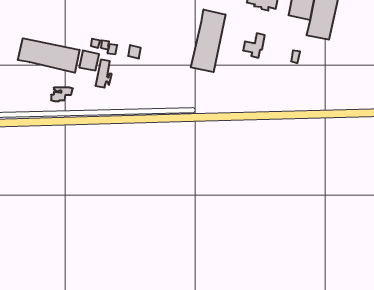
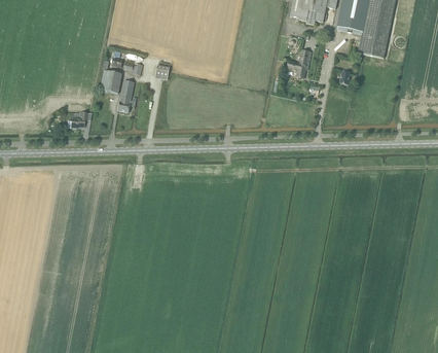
building: [191,9,225,72] -> none
building: [18,38,80,73] -> none

